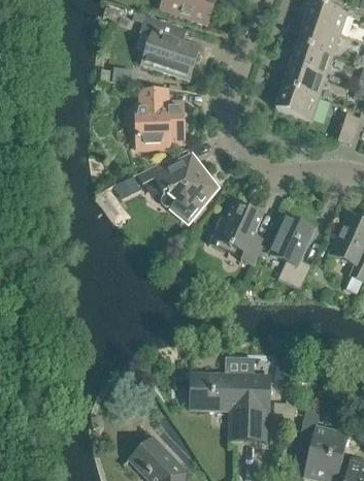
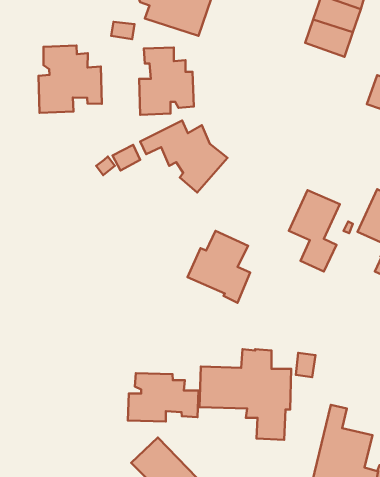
building: [276,85,319,119] -> none
building: none -> [38,46,102,113]
building: [209,201,265,265] -> [188,231,250,303]
building: none -> [128,373,199,421]

